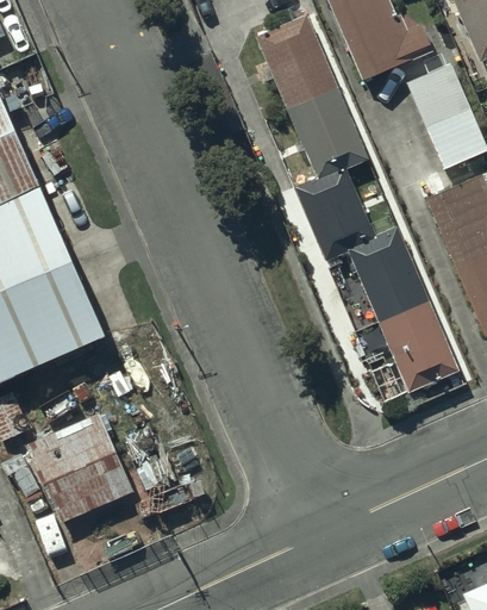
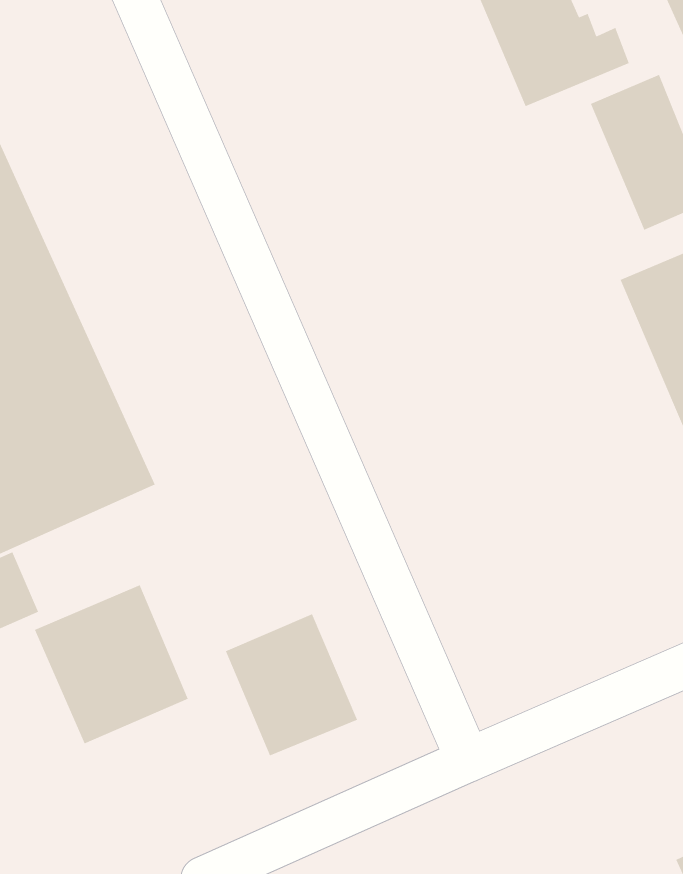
building: [256,18,457,393] -> none
building: none -> [225,613,358,756]

